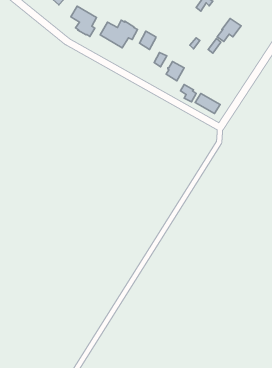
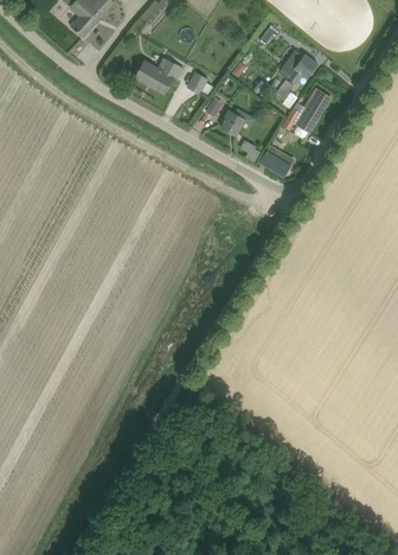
building: [71,6,96,36] -> none
building: none -> [282,88,329,136]

